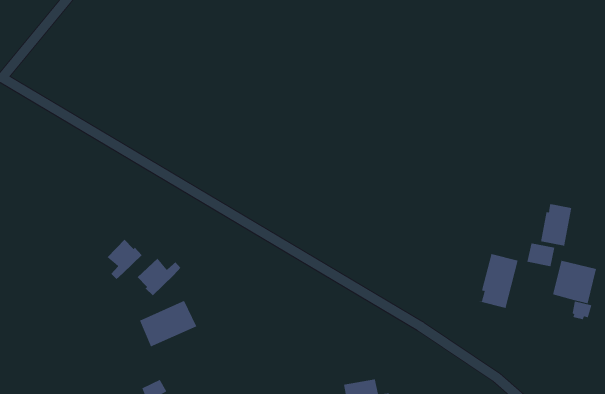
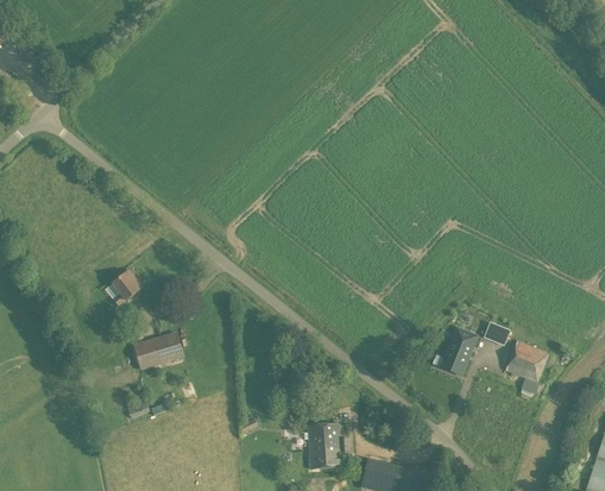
building: [540,203,572,246] -> none
building: [137,258,181,296] -> none

